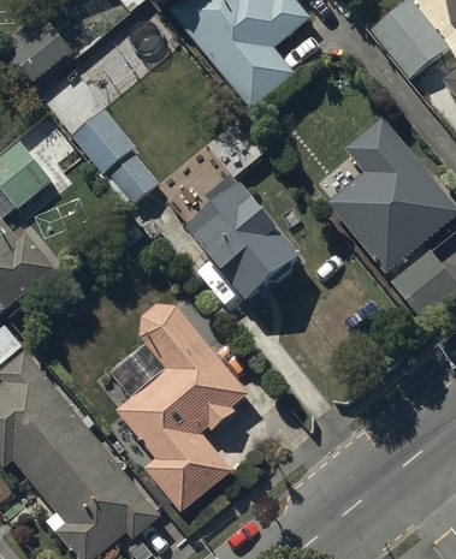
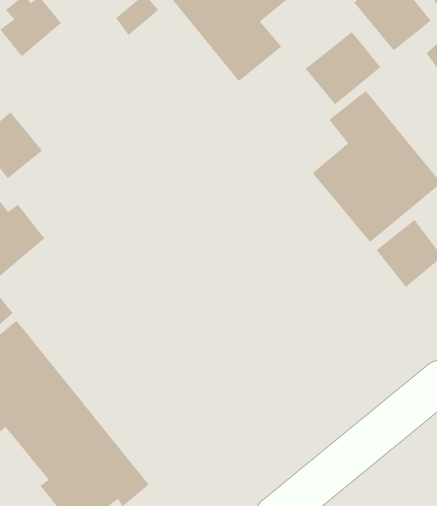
building: none -> [305,31,381,105]
building: [70,108,159,203] -> none
building: [186,176,303,305] -> none
building: [112,305,248,513] -> none

